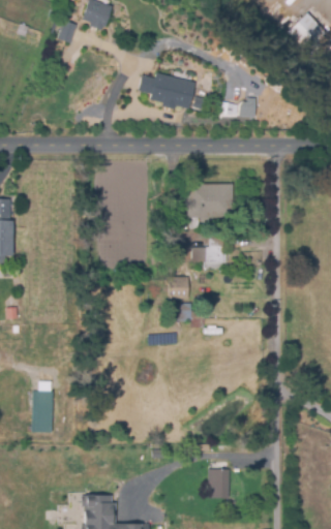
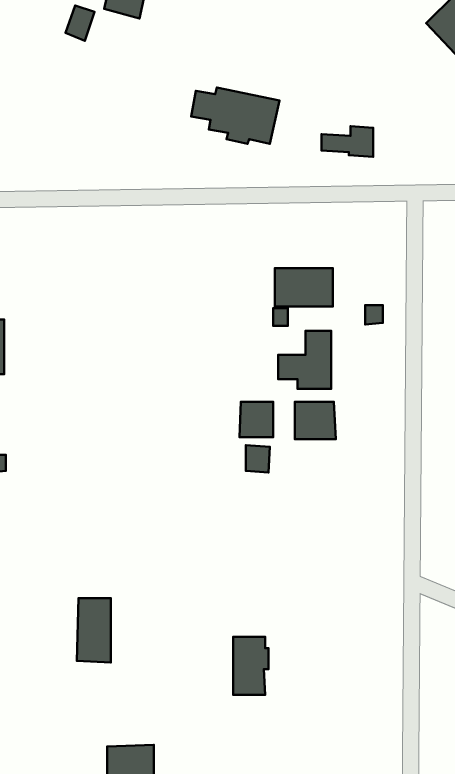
building: none -> [295,402,336,439]
building: [32,390,54,431] -> [77,598,111,662]
building: [210,460,233,497] -> [233,637,269,695]

